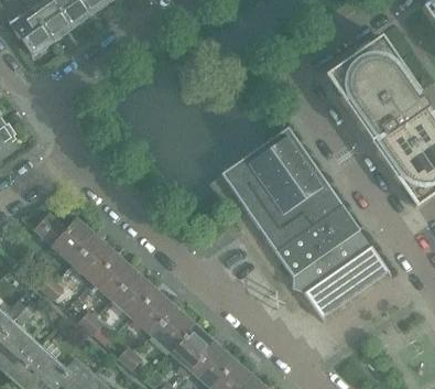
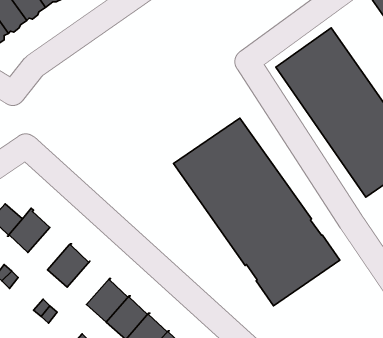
building: [73,237,115,281] -> none
building: [112,272,155,316] -> none

